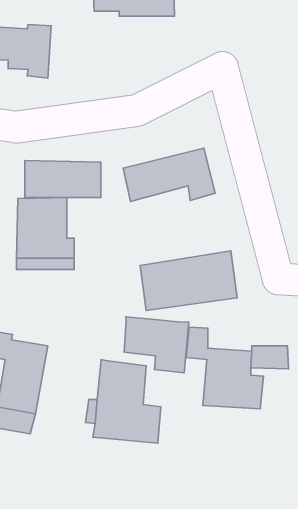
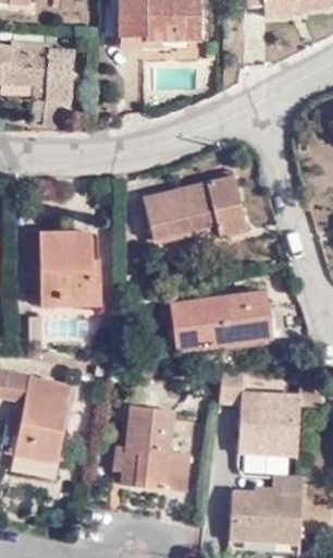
building: [25,160,101,197] -> none
building: [124,317,189,373] -> none
building: none -> [223,473,297,542]

